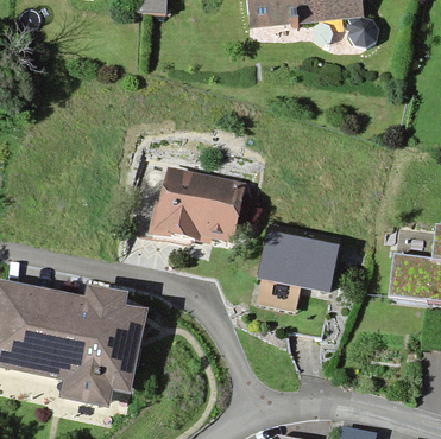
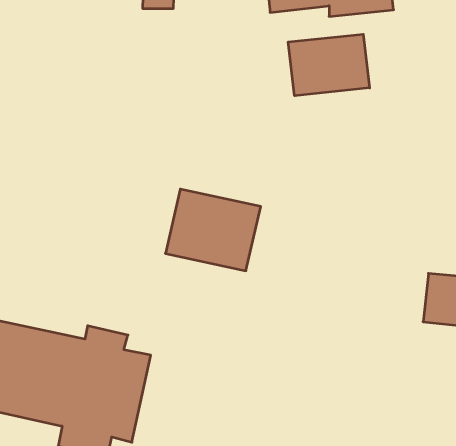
building: none -> [288,34,370,96]
building: [265,233,338,292] -> none

